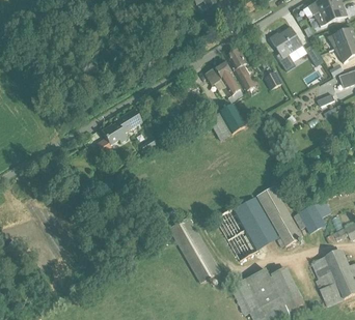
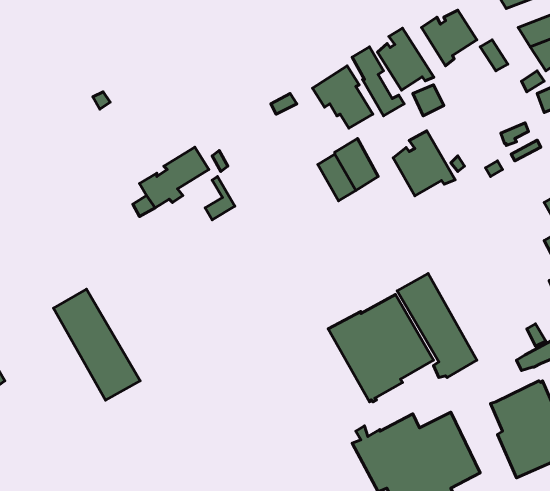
building: none -> [377,28,434,90]
building: none -> [393,131,455,196]
building: [293,197,332,233] -> none
building: [168,215,220,282] -> [54,289,140,400]

